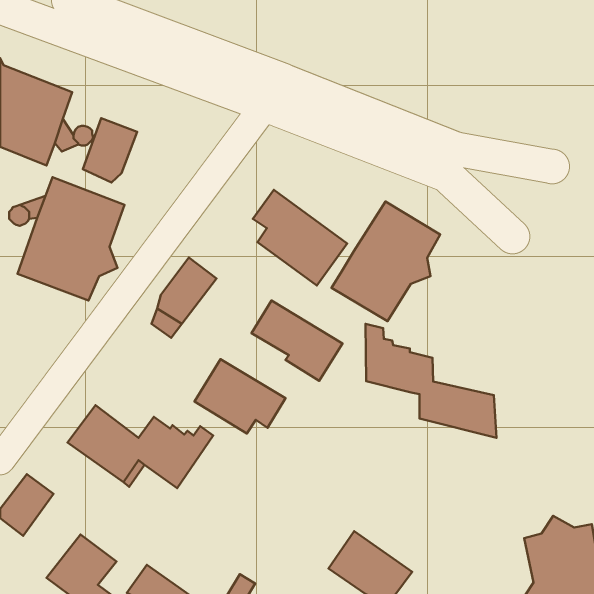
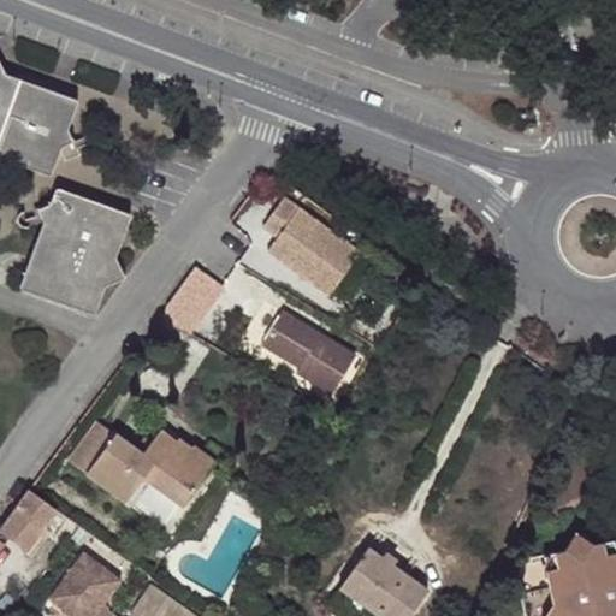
building: [83,118,137,183] -> none
building: [331,201,440,321] -> none
building: [365,324,496,438] -> none
building: [195,359,285,433] -> none

